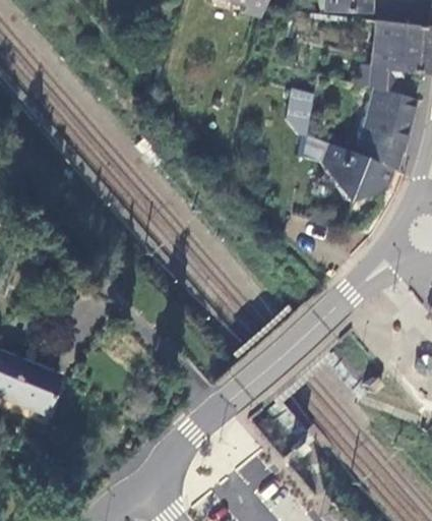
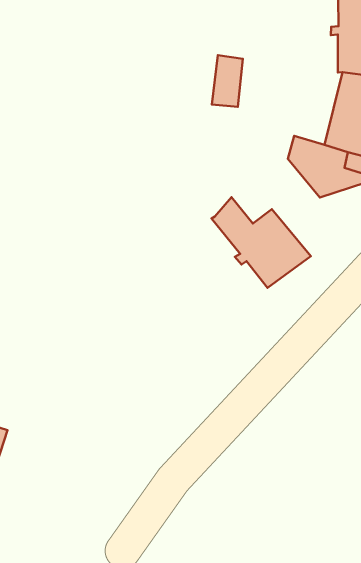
building: [285,83,315,129] -> [212,55,243,107]
building: none -> [212,197,311,288]

